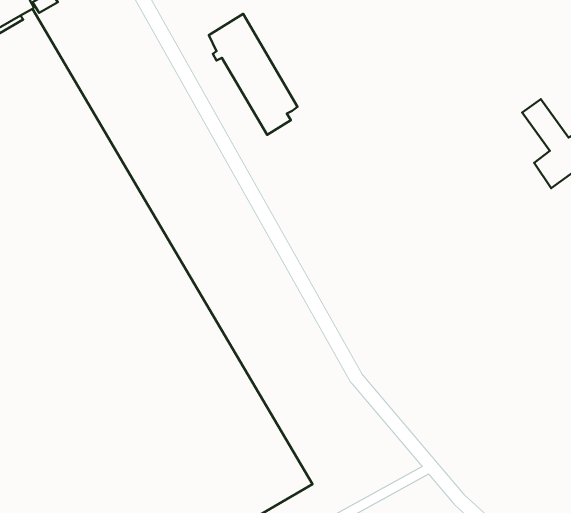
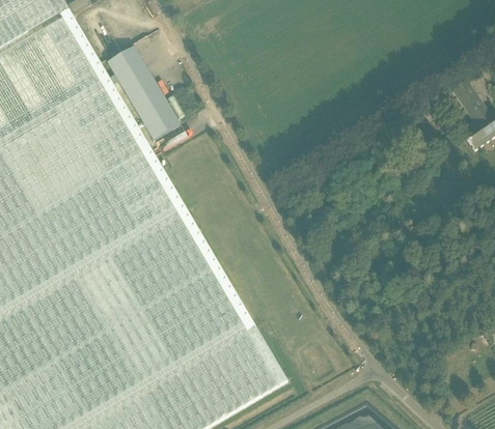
building: [209,14,298,135] -> [107,47,176,141]

